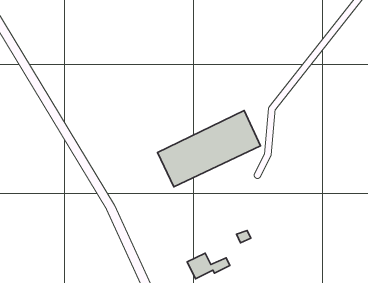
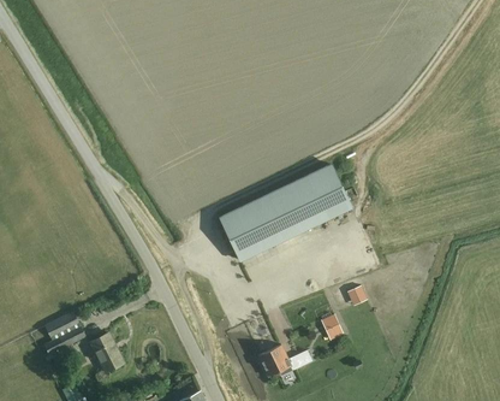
building: none -> [44,311,85,354]
building: none -> [90,332,124,372]

